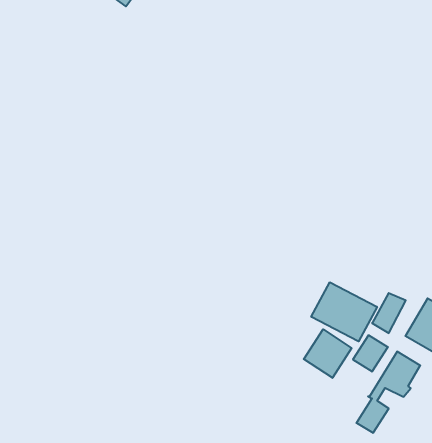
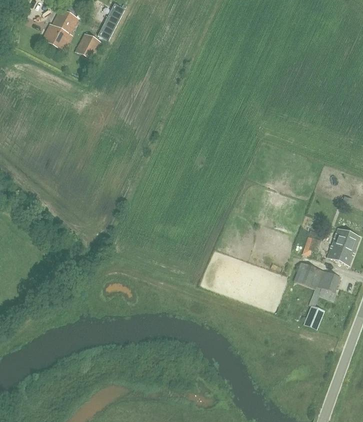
building: [311,282,377,341] -> none
building: [304,329,352,378] -> none

